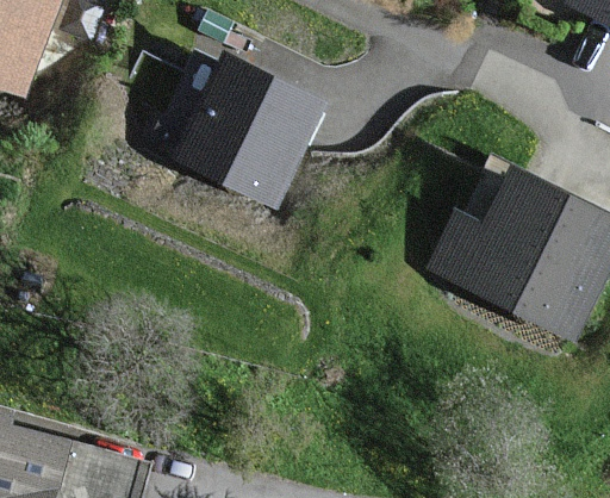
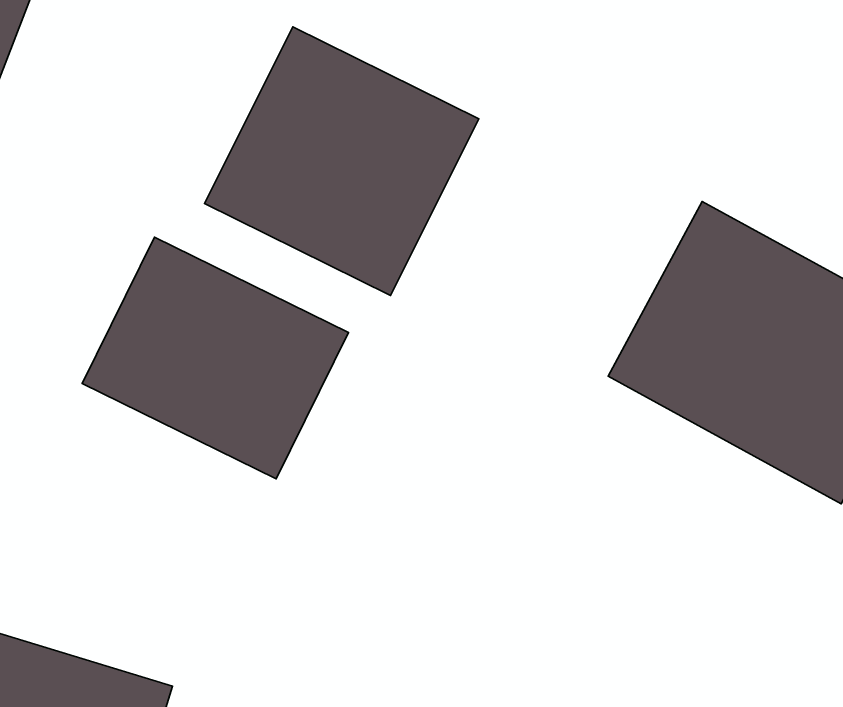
building: none -> [82,237,349,479]

